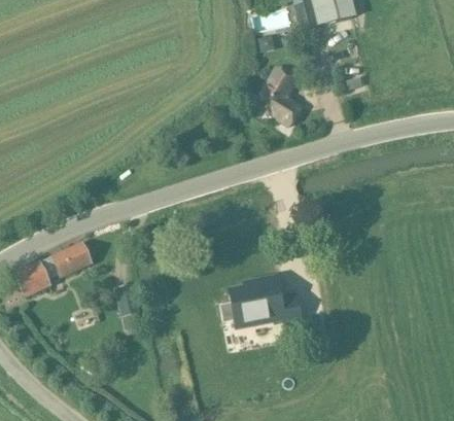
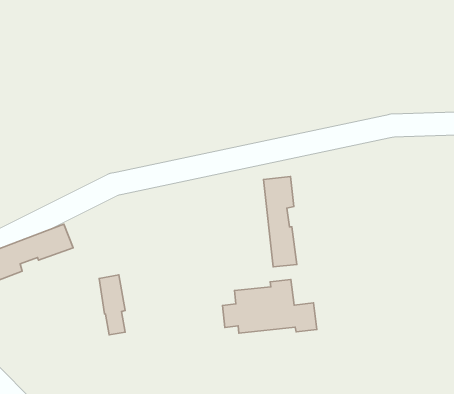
building: [255,67,303,125] -> none
building: none -> [263,177,297,267]

